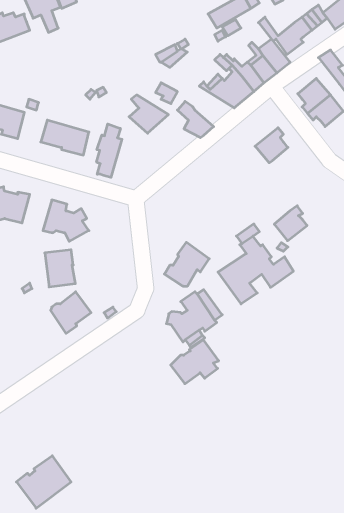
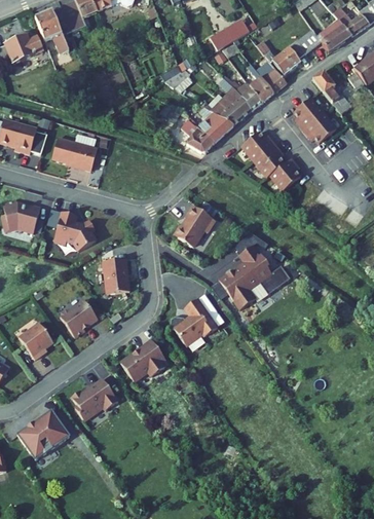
building: [129,95,168,133] -> [196,107,233,143]
building: none -> [240,132,274,161]
building: [97,124,122,177] -> none
building: [274,206,307,241] -> [269,157,300,190]
building: [164,242,209,286] -> [173,205,215,246]
building: [45,250,75,287] -> [103,258,132,293]
building: none -> [20,322,53,359]
building: [171,340,219,384] -> [121,339,166,380]
building: none -> [73,378,119,418]
building: [16,456,71,508] -> [18,410,70,459]

